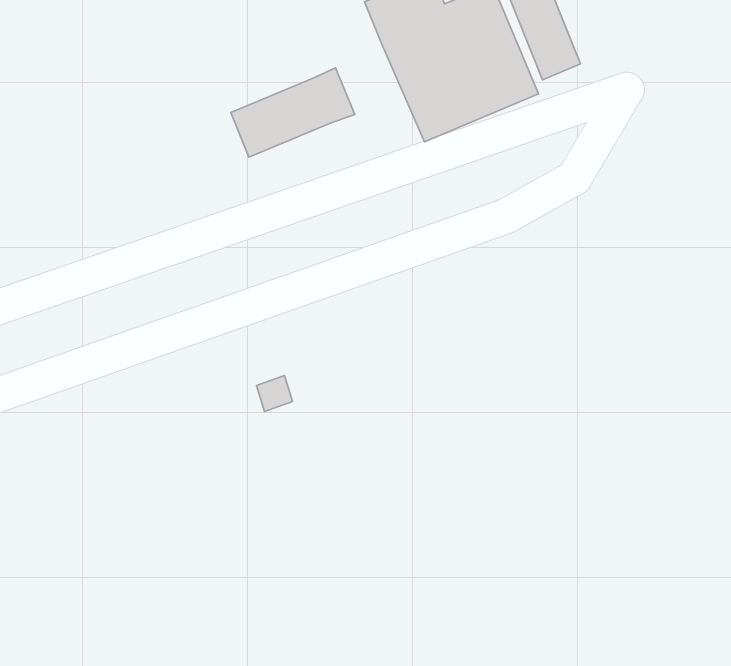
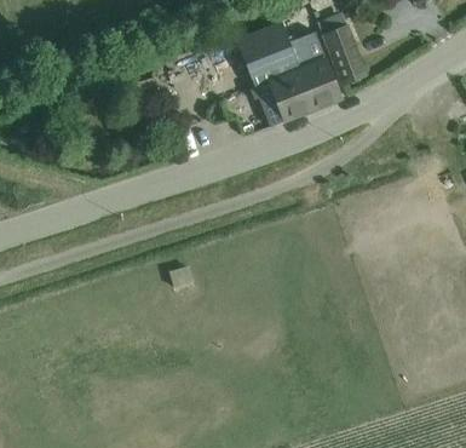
building: [231,68,355,157] -> none

